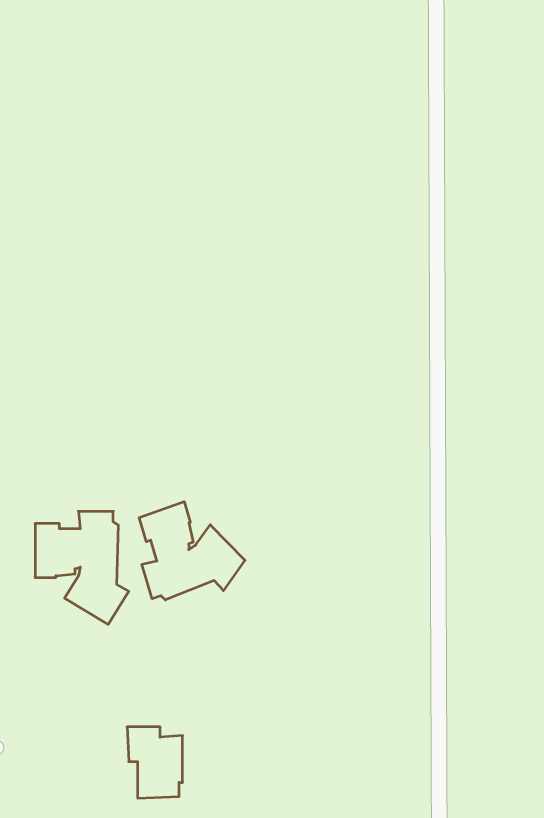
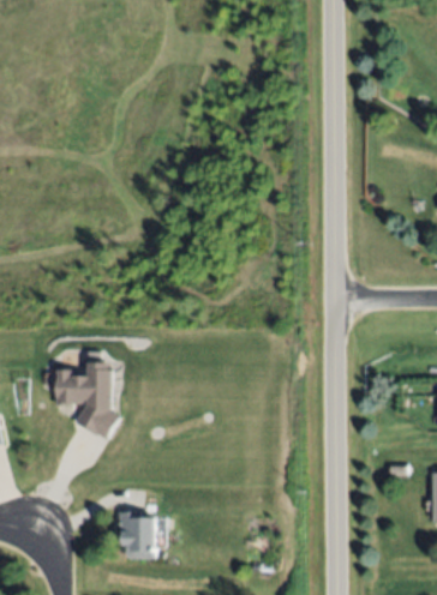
building: [139,502,245,600] -> none

